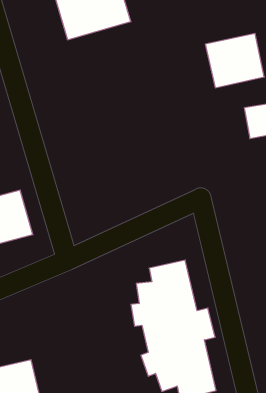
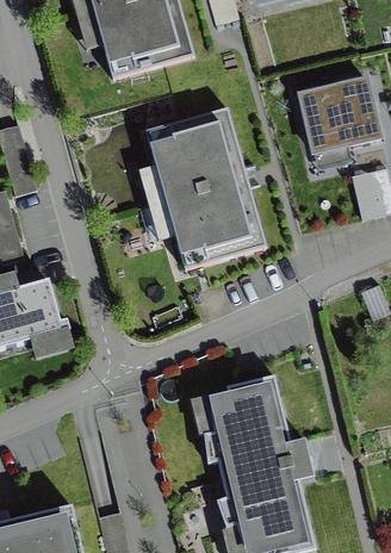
building: none -> [147,111,272,277]

